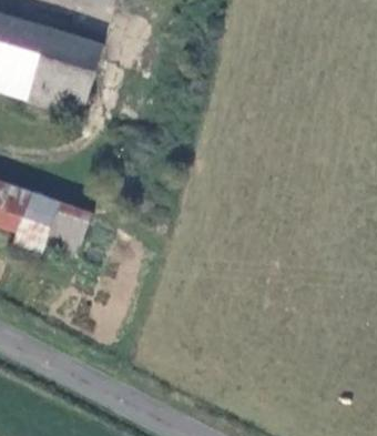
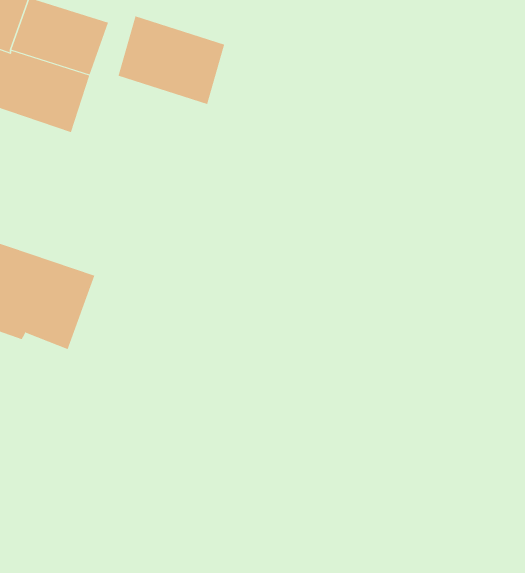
building: none -> [118,16,225,105]

